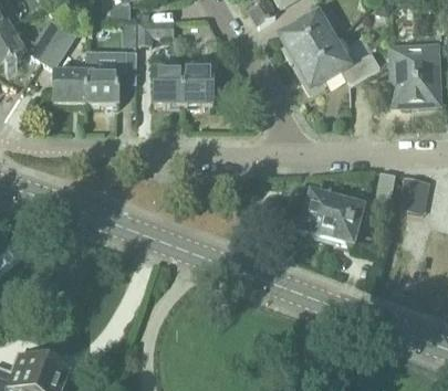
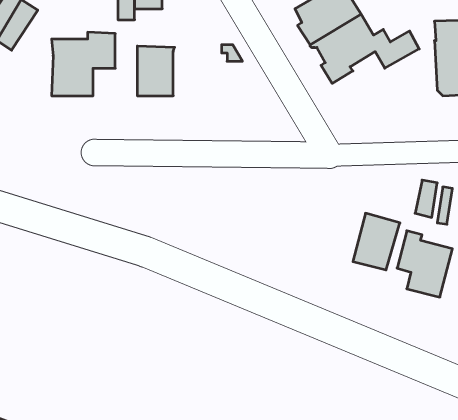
building: [183,61,217,105] -> none
building: [53,72,86,104] -> none
building: [292,183,336,236] -> [397,231,452,297]

